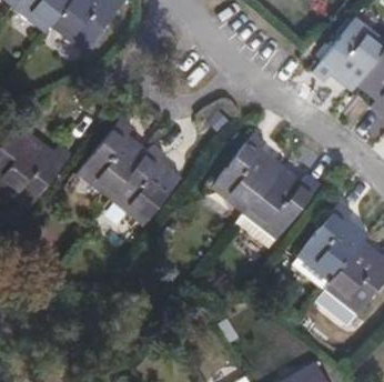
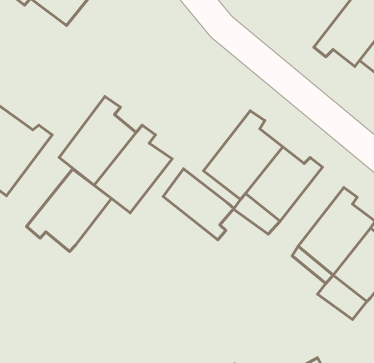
building: none -> [163,169,234,240]
building: none -> [27,169,112,251]

